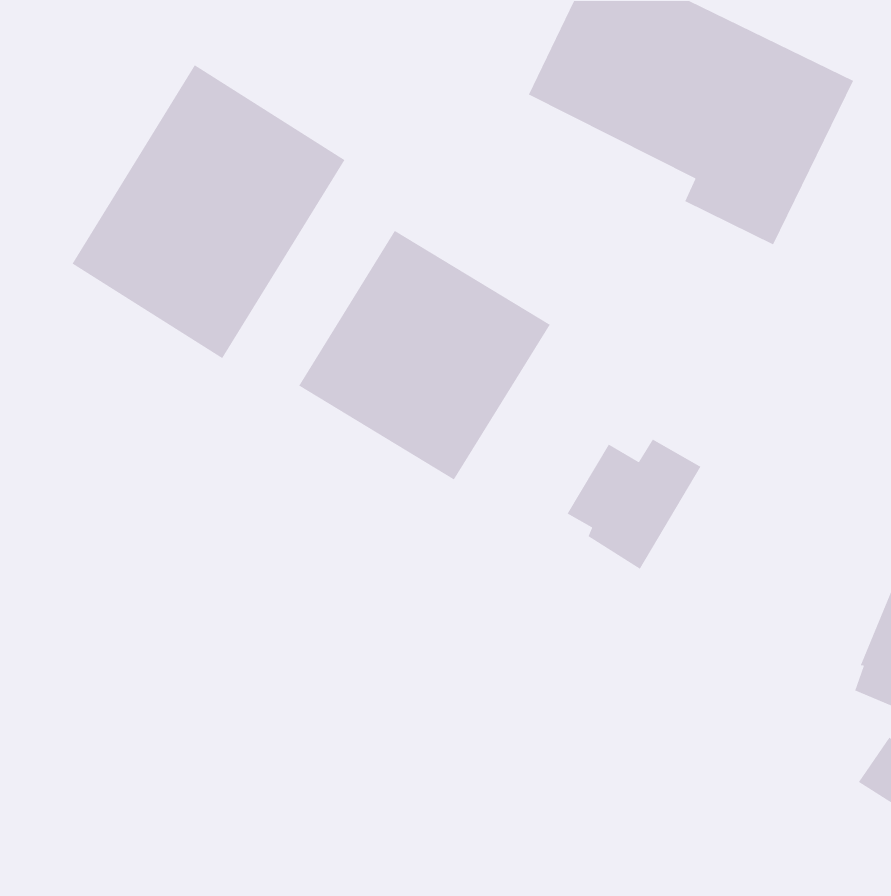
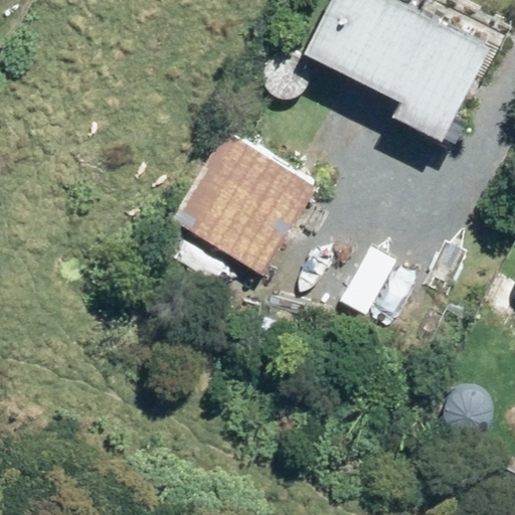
building: [71,64,346,359] -> none

